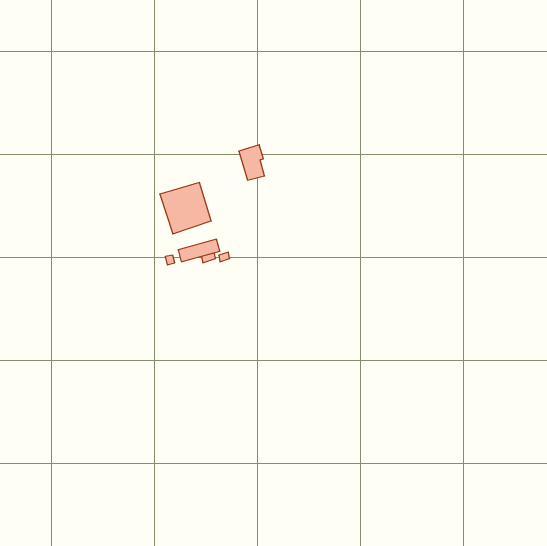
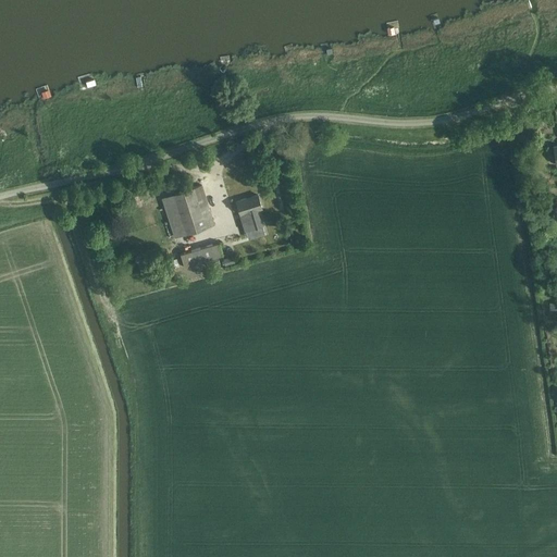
building: [239,145,265,180] -> [235,196,261,232]

